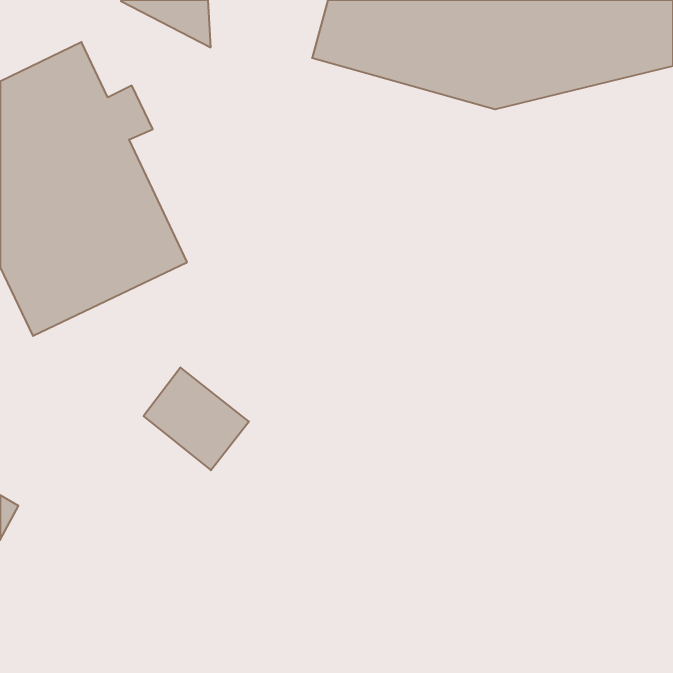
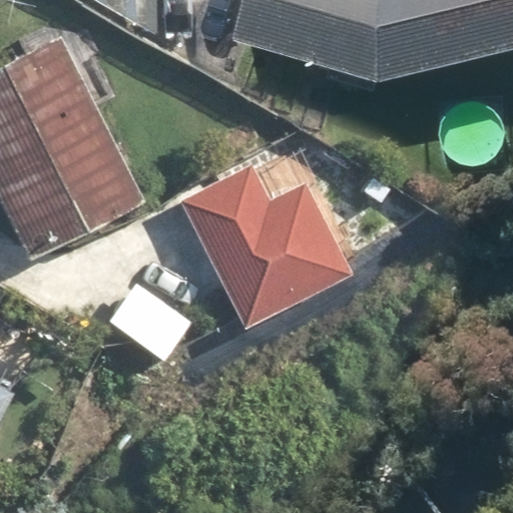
building: none -> [177,159,353,324]

